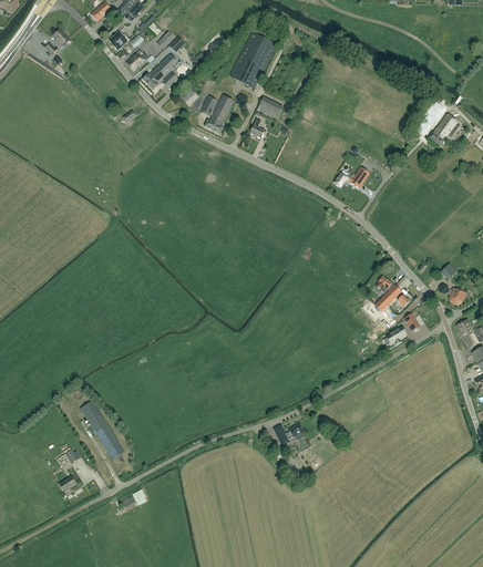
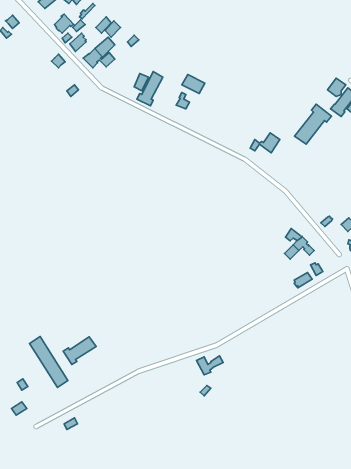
building: [229,32,277,89] -> none
building: none -> [294,104,331,144]
building: none -> [63,337,96,365]

